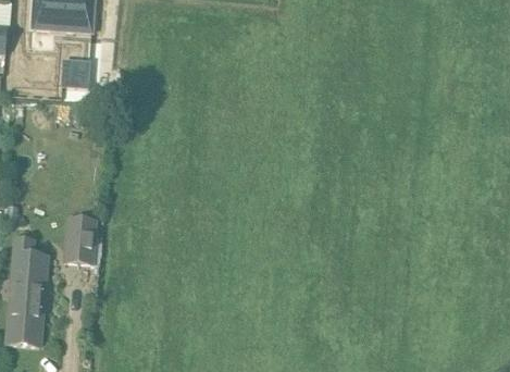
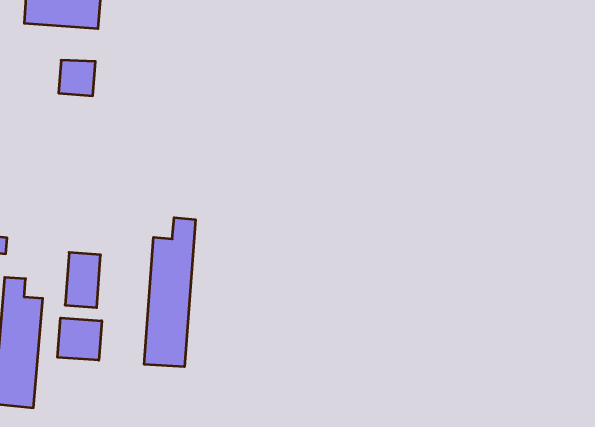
building: none -> [144,218,195,367]
building: none -> [58,318,102,360]

